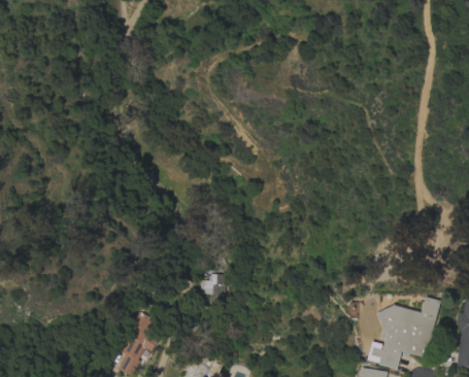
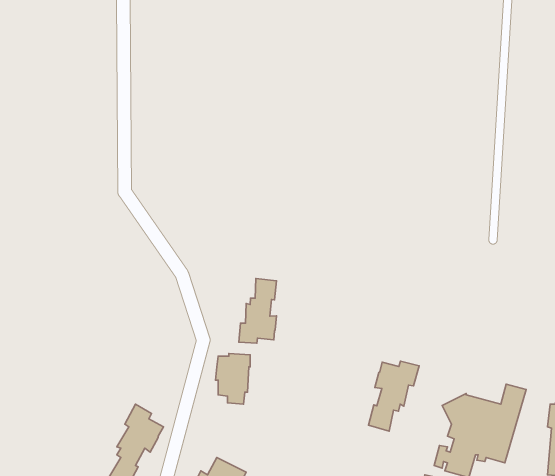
building: none -> [239,278,277,343]
building: none -> [368,361,419,431]

